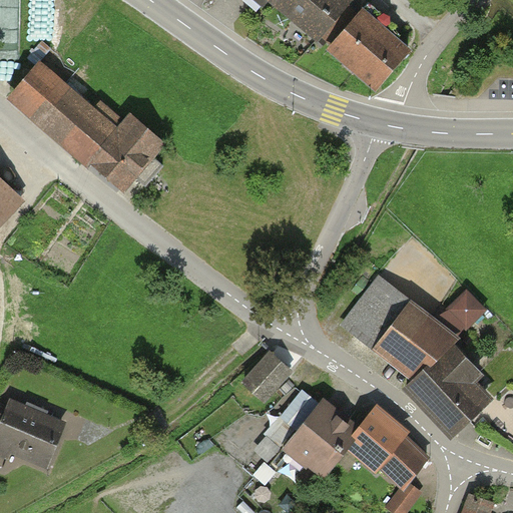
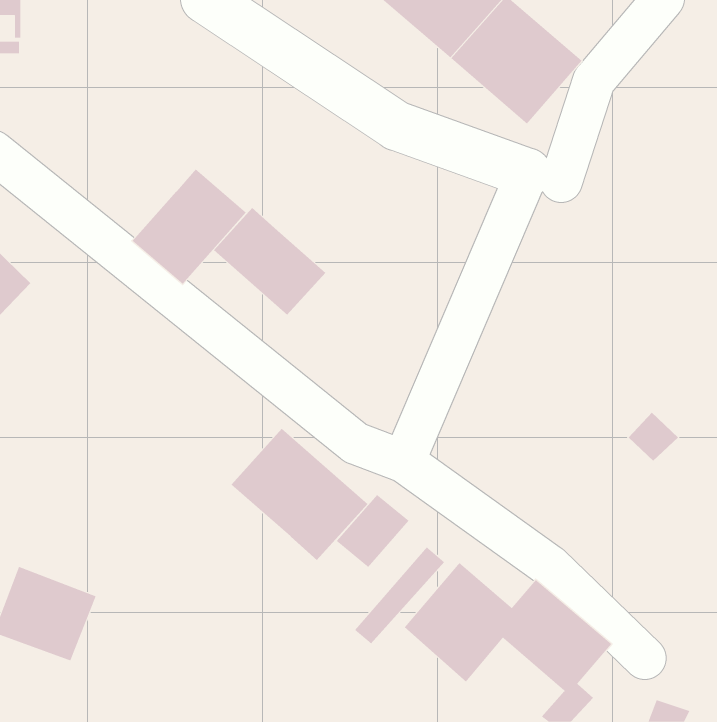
building: [14,67,124,170] -> none
building: none -> [213,207,326,316]
building: [343,285,480,432] -> none
building: none -> [231,428,368,561]

